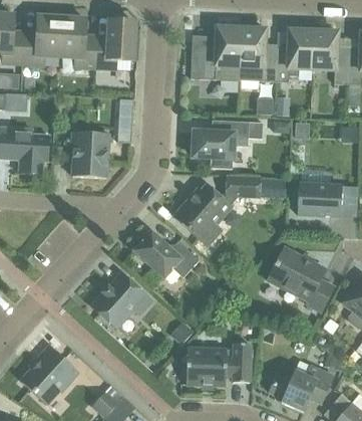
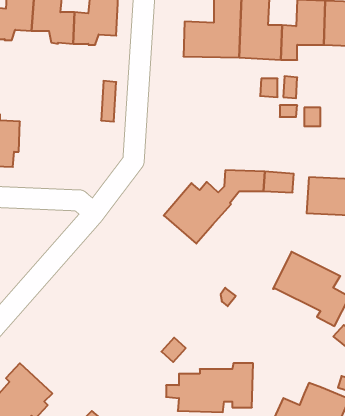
building: [192,121,262,168] -> none
building: [71,132,108,178] -> none
building: [133,232,199,277] -> none
building: [90,272,150,328] -> none

